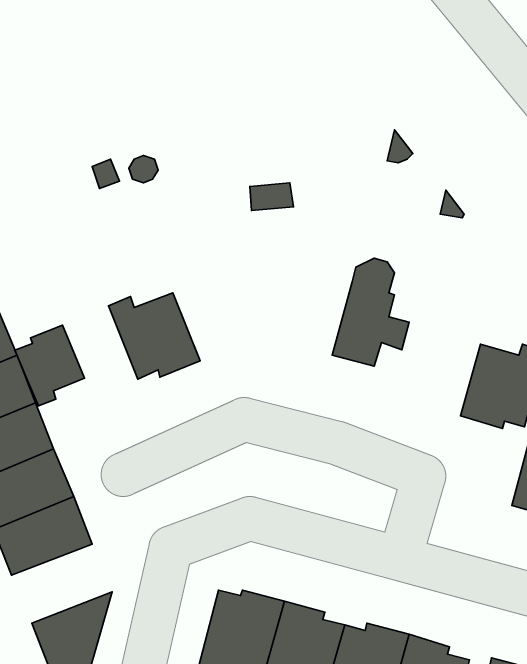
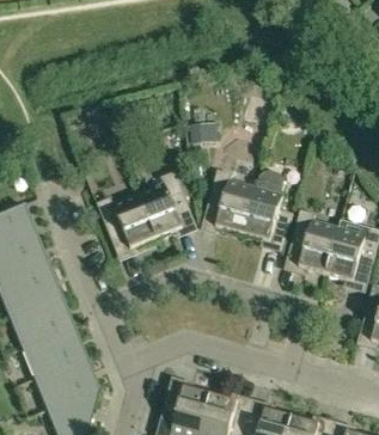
building: none -> [207,167,256,233]
building: none -> [139,170,194,237]
building: none -> [287,208,340,272]
building: [15,325,84,406] -> none
building: none -> [33,356,99,408]

